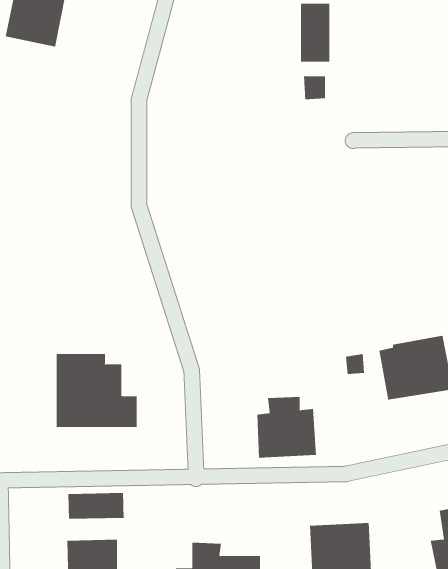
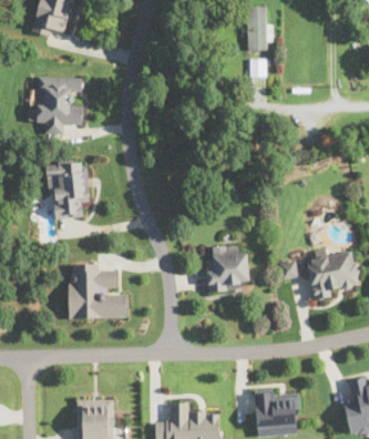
building: none -> [38,76,84,136]
building: none -> [48,162,90,220]
building: [257,396,317,458] -> [206,245,250,290]
building: [68,492,124,520] -> none

